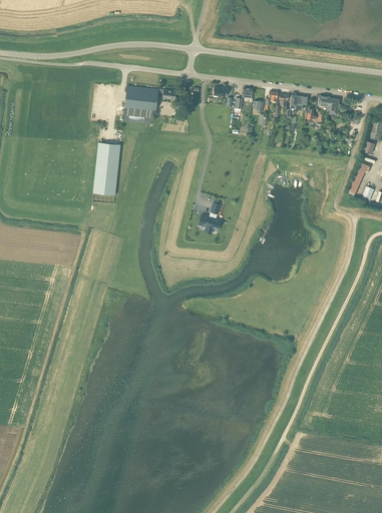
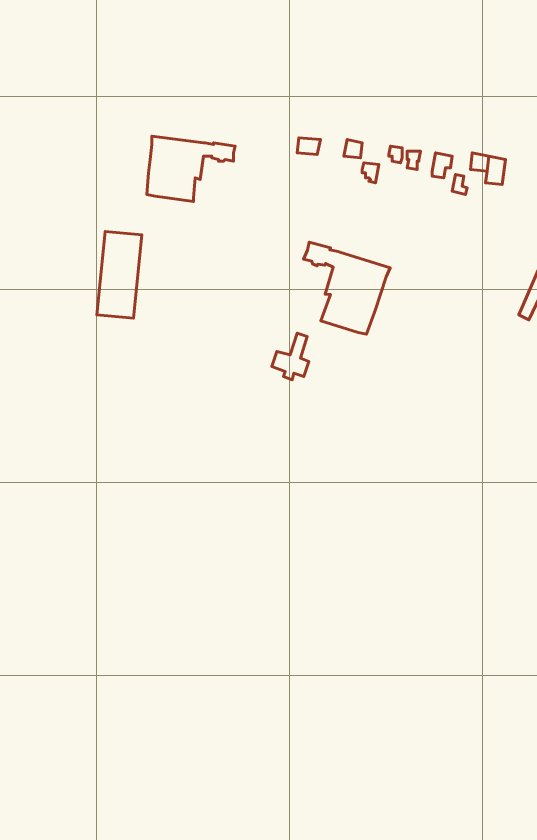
building: none -> [303,242,390,334]

